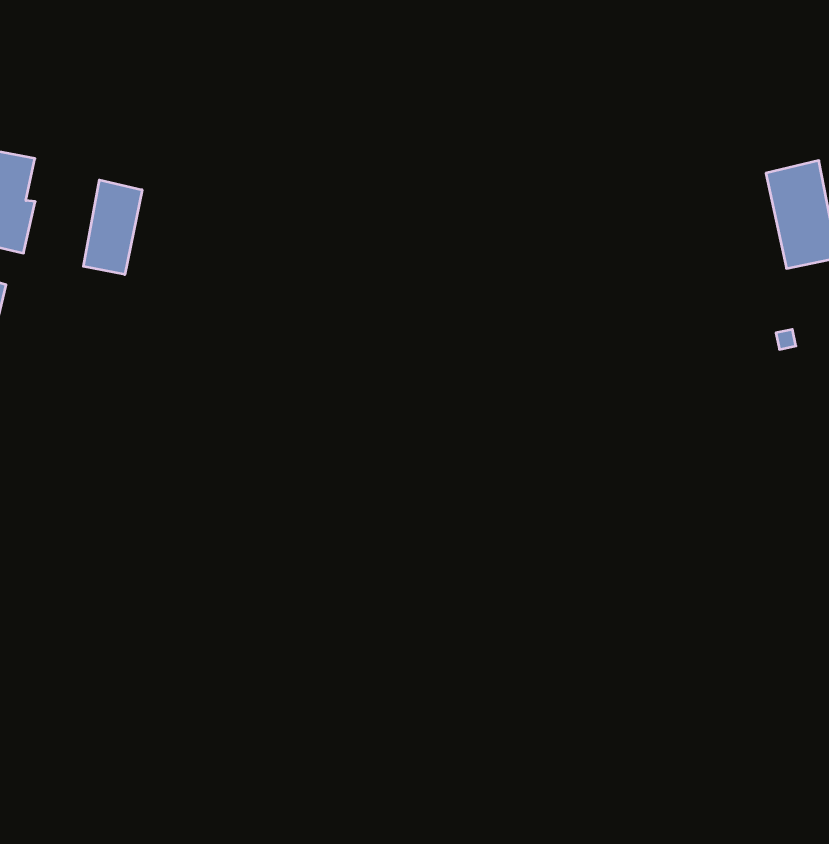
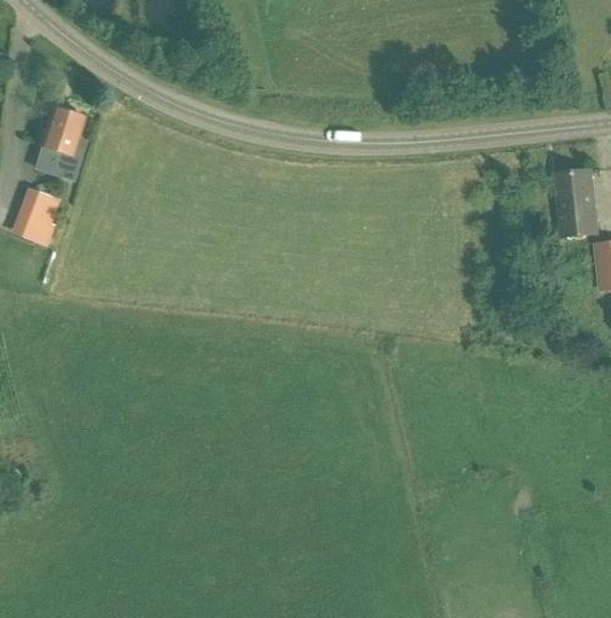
building: [83,180,142,275] -> none

